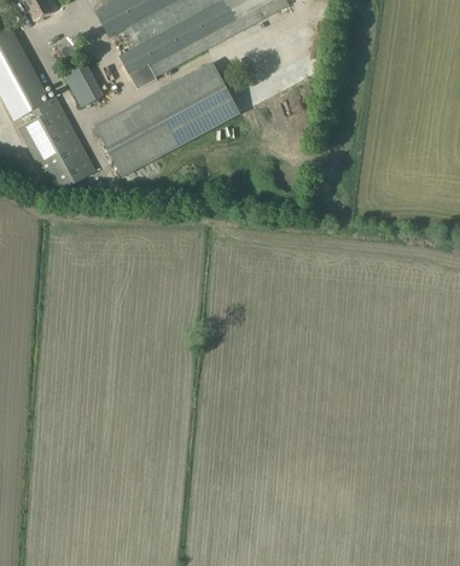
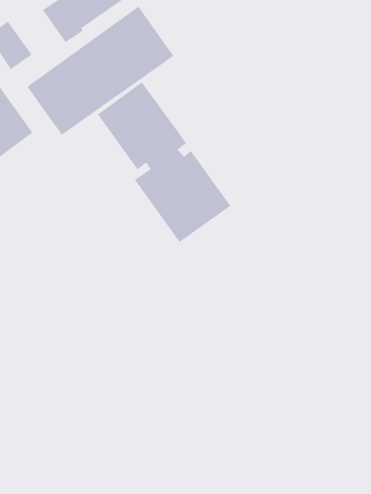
building: none -> [97,82,231,243]

